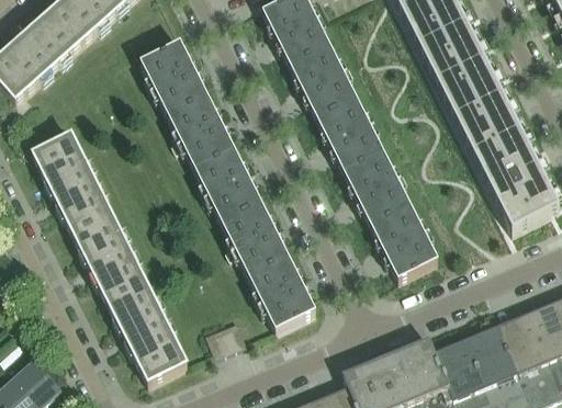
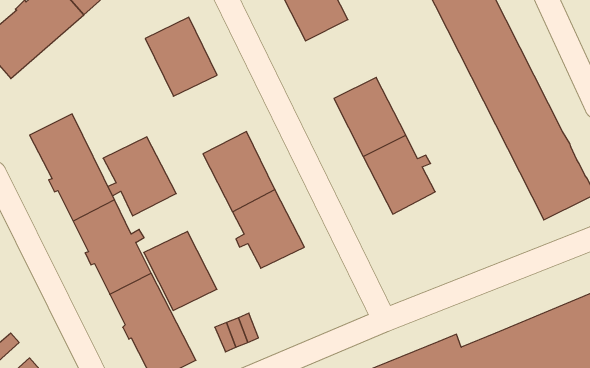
building: [291,45,357,118] -> none
building: [168,97,236,170] -> [103,137,176,216]
building: [372,205,438,279] -> none
building: [249,257,317,330] -> [144,231,217,310]

